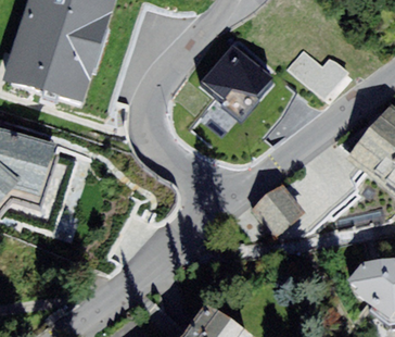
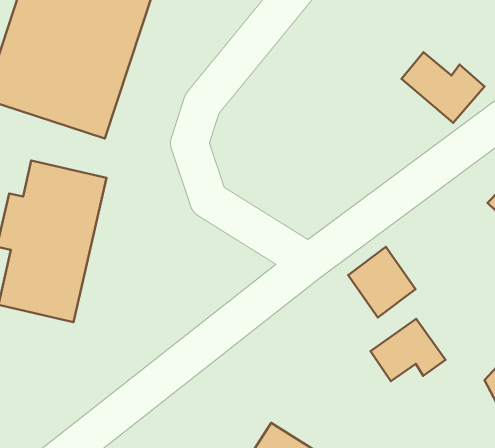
building: [193,37,279,122] -> none
building: none -> [370,319,445,381]

